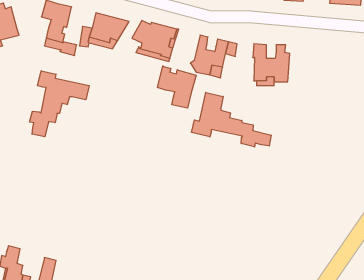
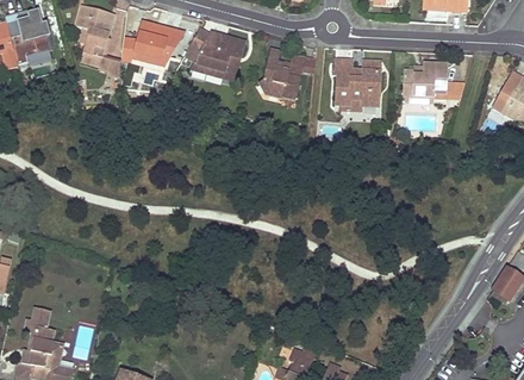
building: none -> [403,62,448,95]
building: [158,66,196,108] -> none
building: [30,71,89,137] -> none
building: [192,92,271,147] -> none

